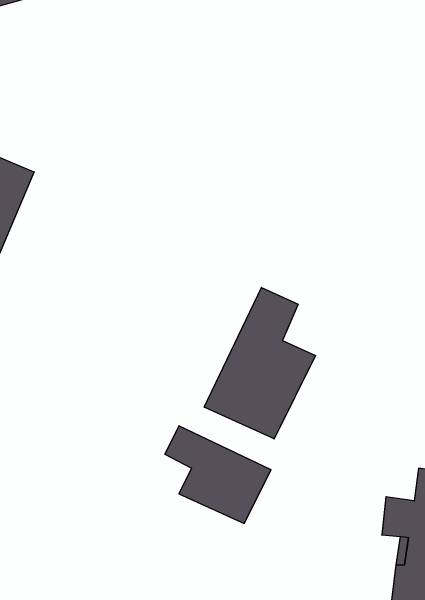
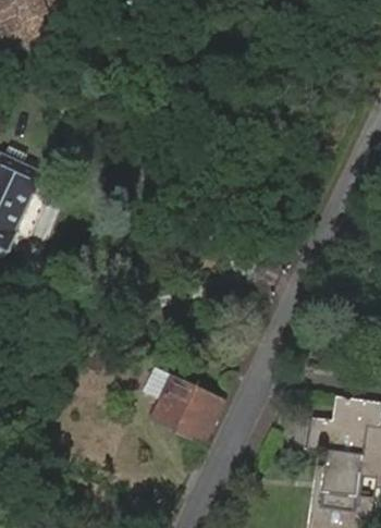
building: [204,287,316,439] -> none

